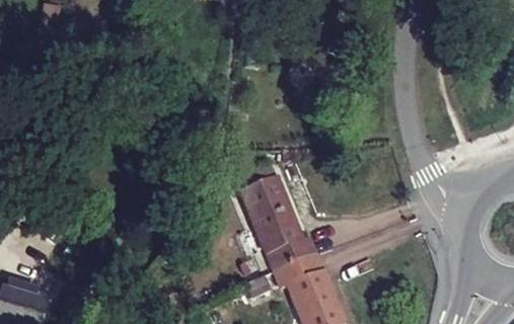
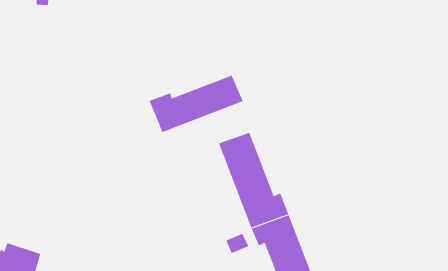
building: none -> [149,75,243,133]

